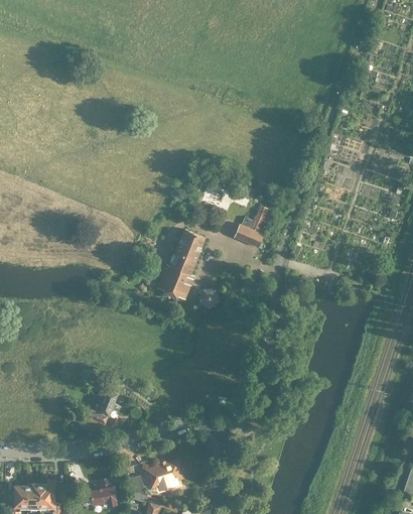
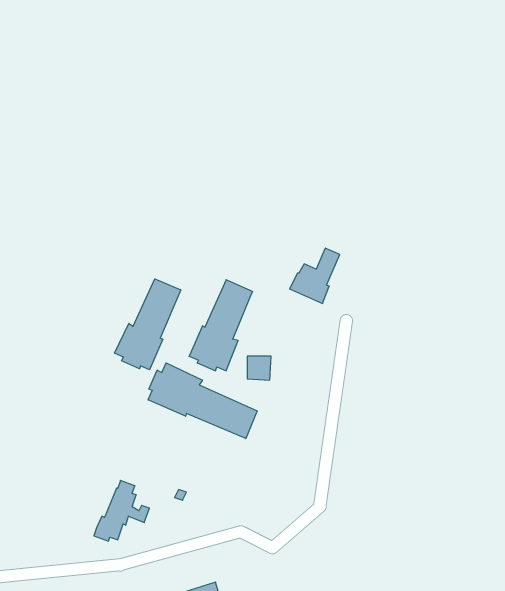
building: none -> [115,279,181,370]
building: none -> [148,363,257,439]

